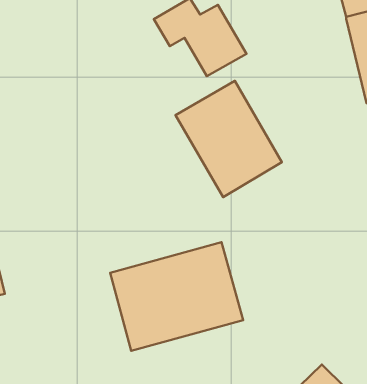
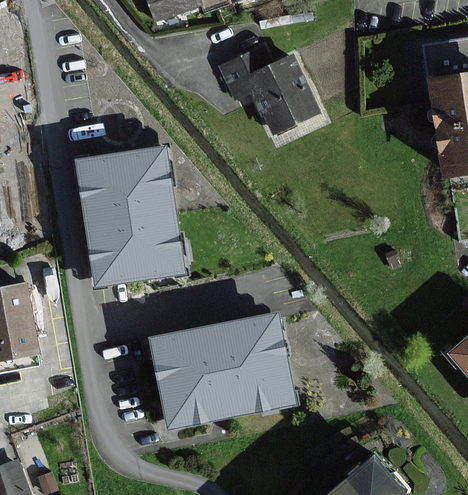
building: [176,81,282,197] -> none
building: none -> [79,149,183,284]

